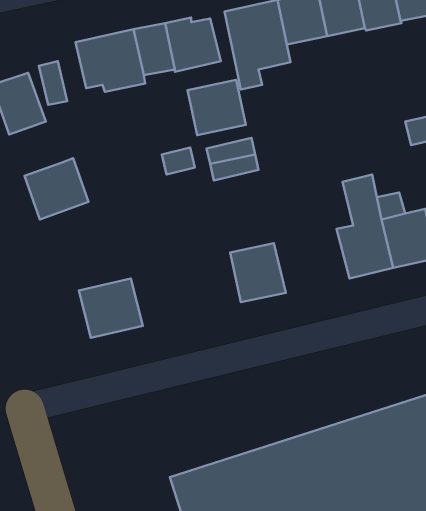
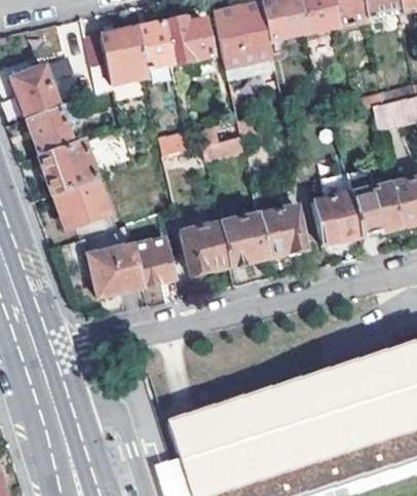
building: [187,80,246,135] -> none
building: none -> [29,103,82,155]
building: none -> [55,178,110,228]
building: none -> [255,186,308,257]
building: none -> [182,222,230,274]
building: none -> [135,237,176,285]

